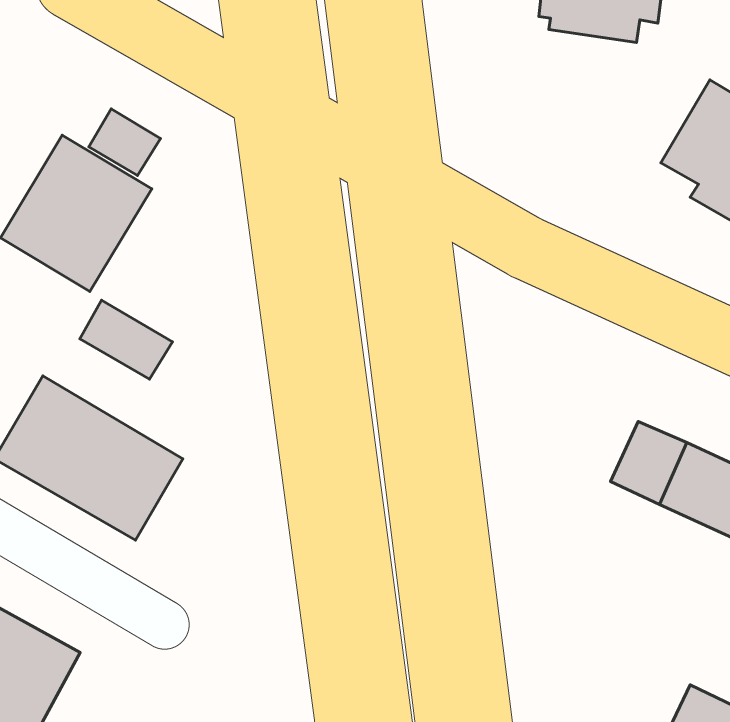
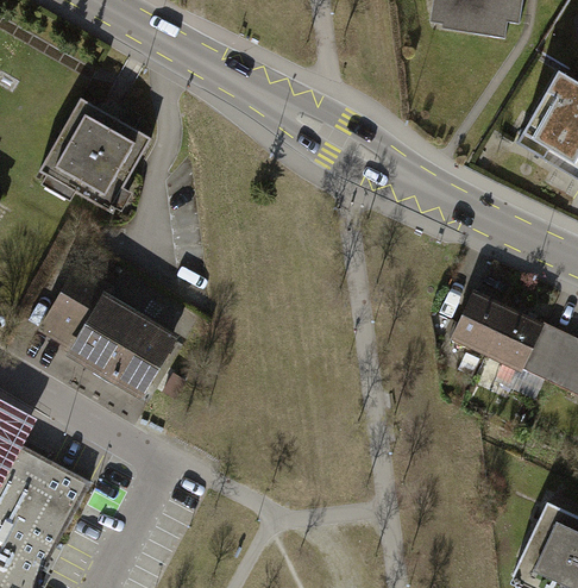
building: [89,109,160,175] -> none
building: [80,300,172,379] -> none
building: none -> [450,293,505,354]

